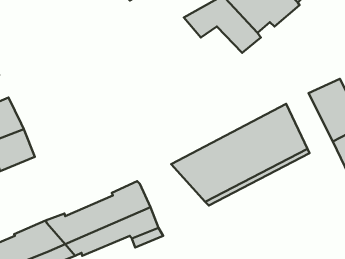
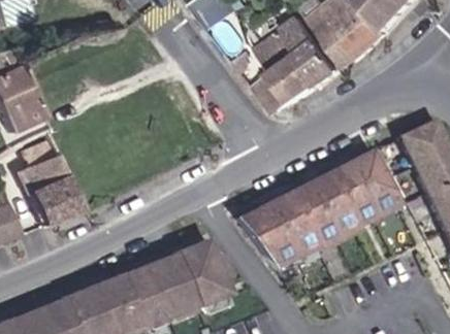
building: none -> [262,60,321,110]

